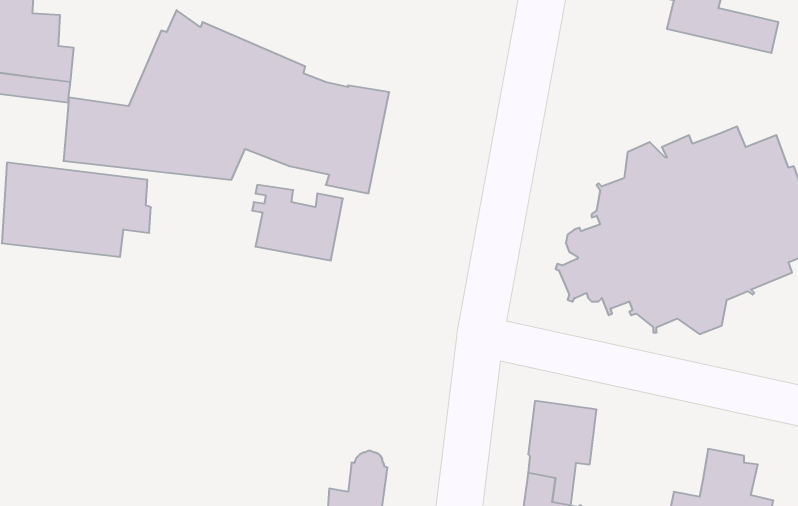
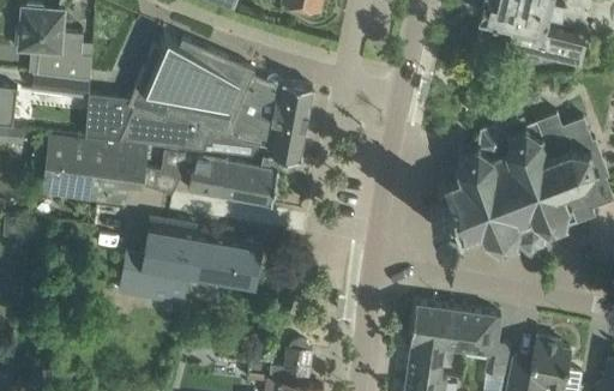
building: none -> [144,152,225,198]
building: none -> [119,221,260,306]
building: none -> [452,312,510,366]

